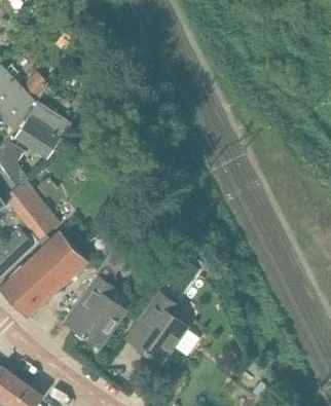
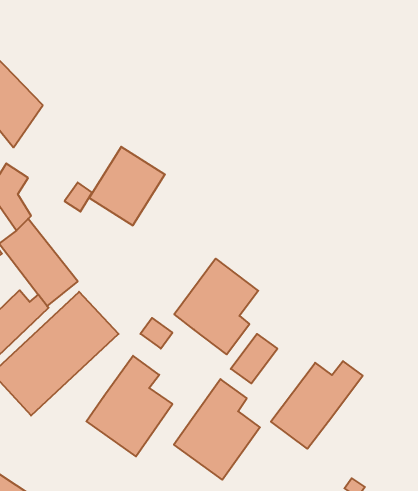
building: [15,103,69,158] -> [89,147,165,225]
building: none -> [174,259,258,354]
building: none -> [271,361,363,449]

